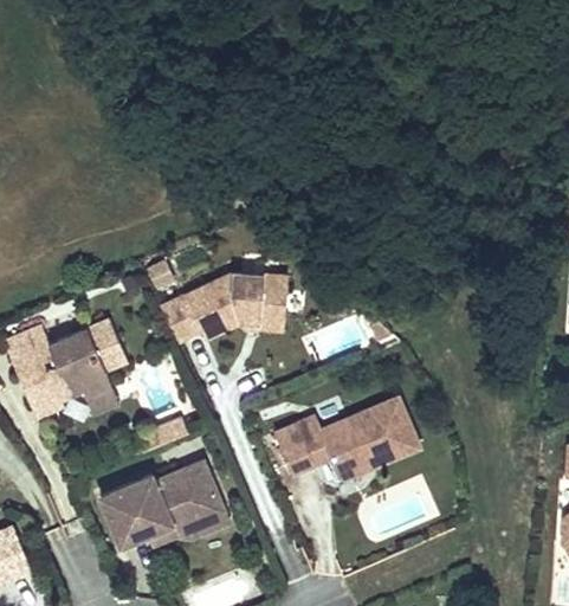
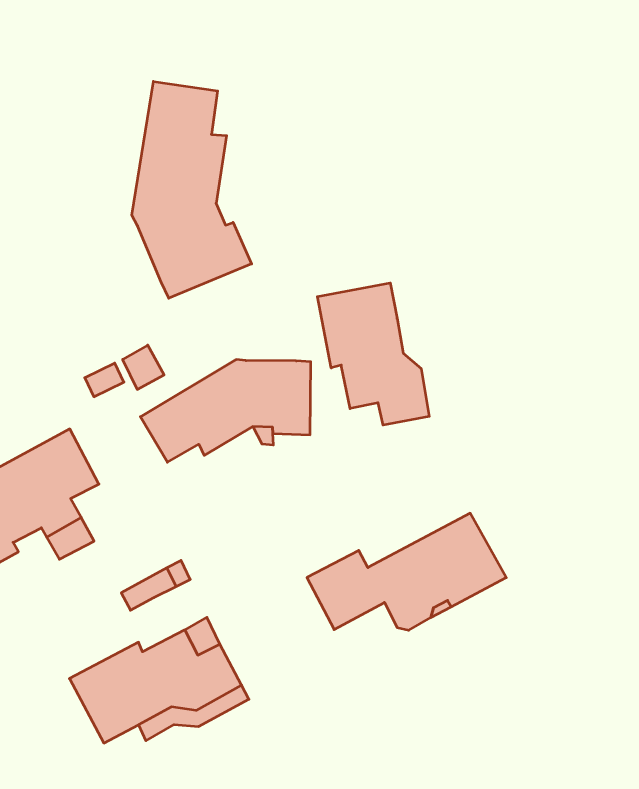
building: none -> [132,81,252,298]
building: none -> [317,283,429,425]

